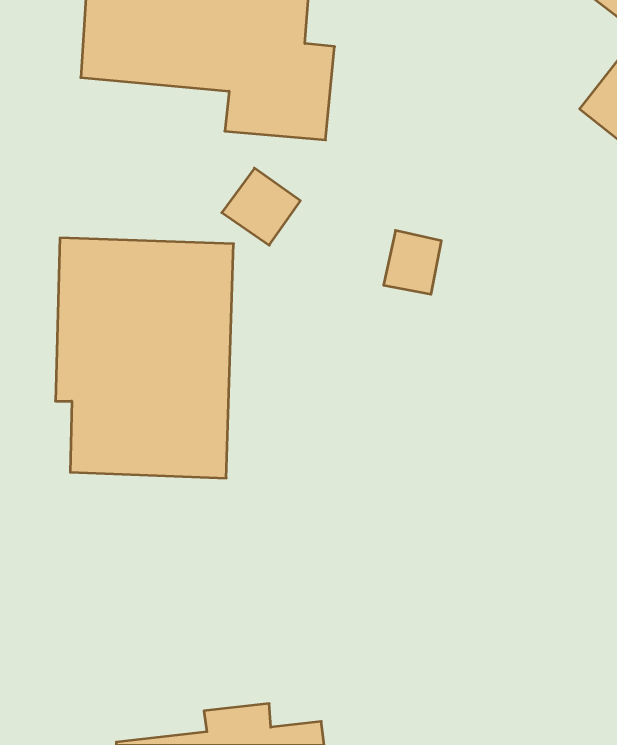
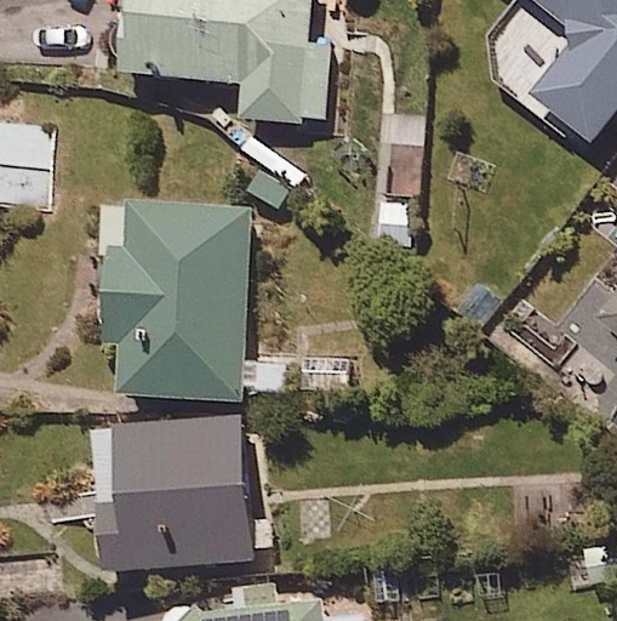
building: none -> [93,416,250,570]

